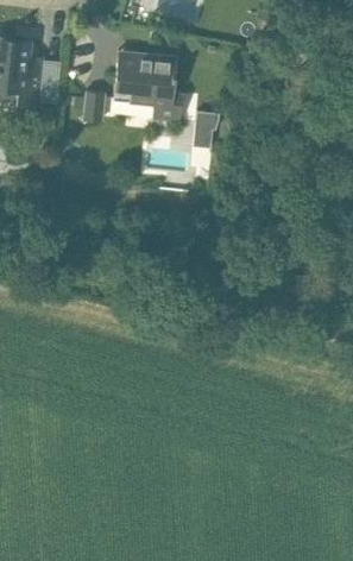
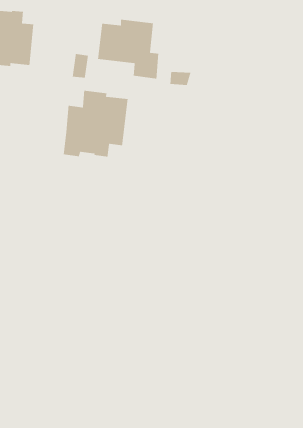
building: none -> [63,90,129,157]

